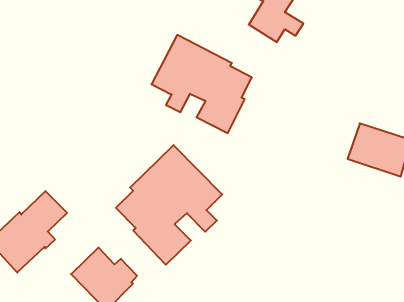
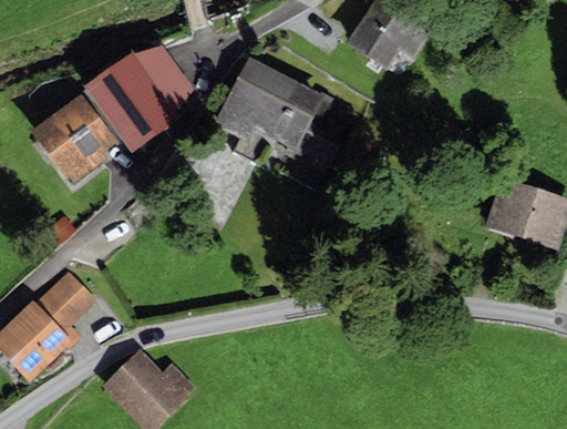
building: none -> [85,45,193,152]
building: none -> [30,93,117,184]
building: [116,145,222,265] -> none

